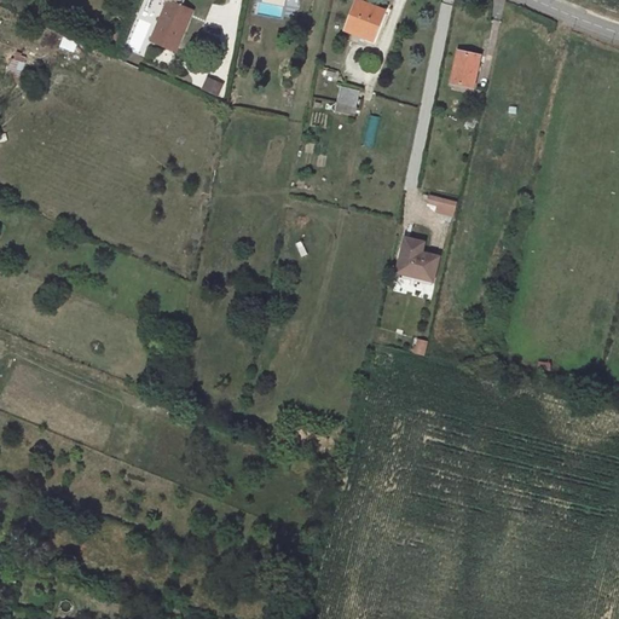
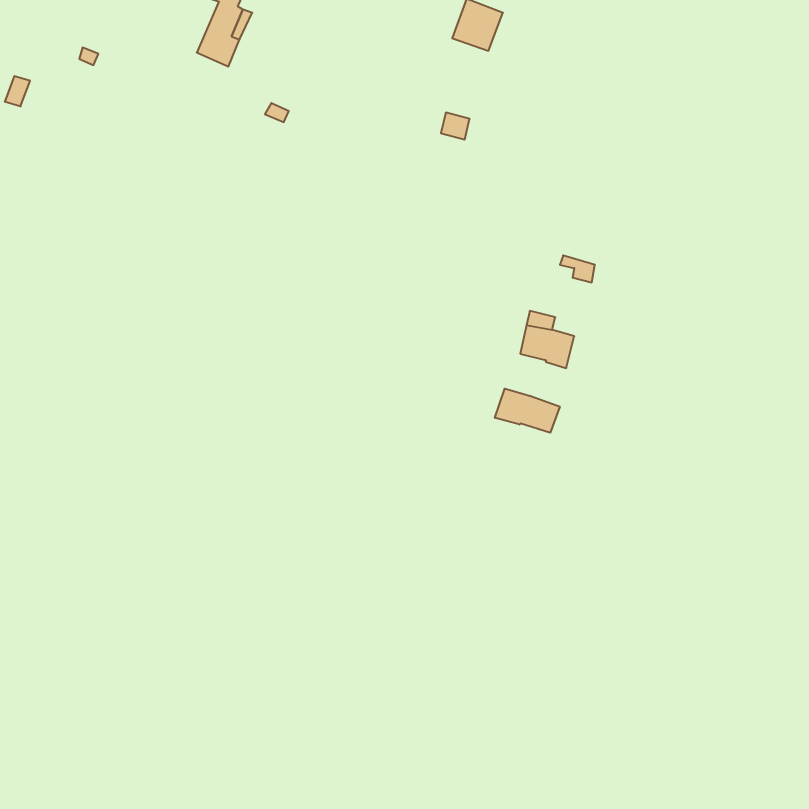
building: [450,50,480,87] -> none
building: none -> [495,389,560,433]

